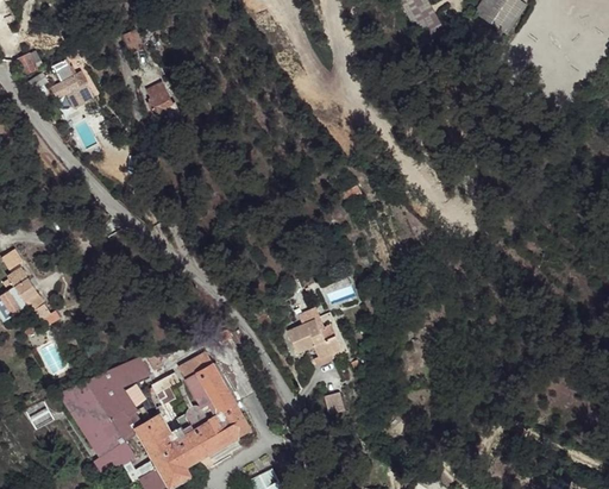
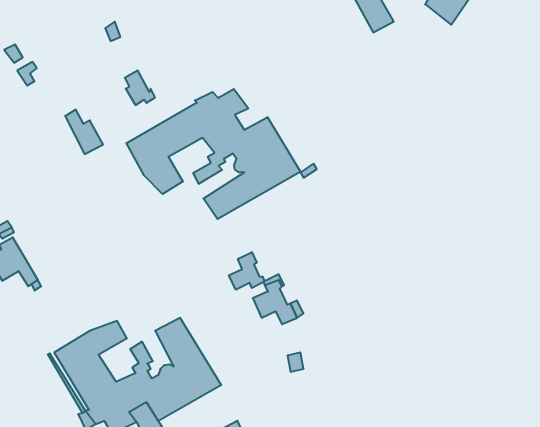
building: [54,58,95,107] -> [65,110,103,154]
building: none -> [126,89,300,219]
building: none -> [229,252,264,290]

